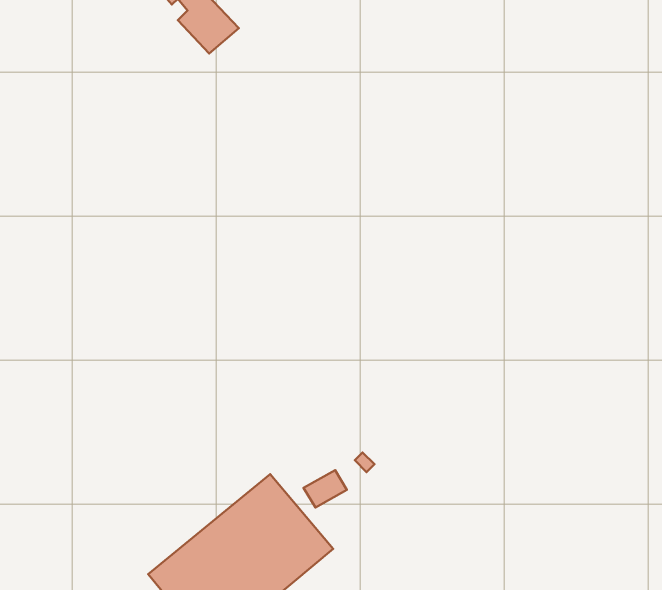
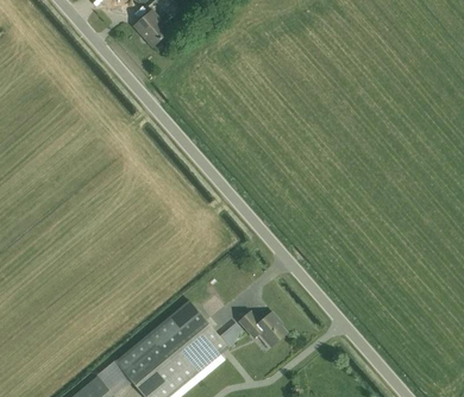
building: none -> [238,310,287,346]

